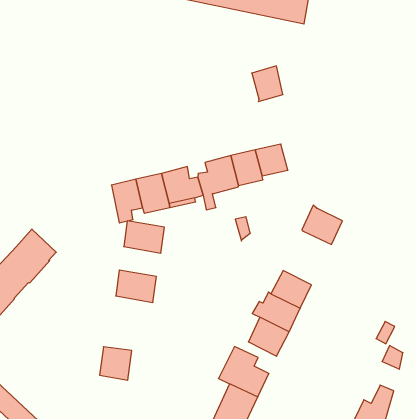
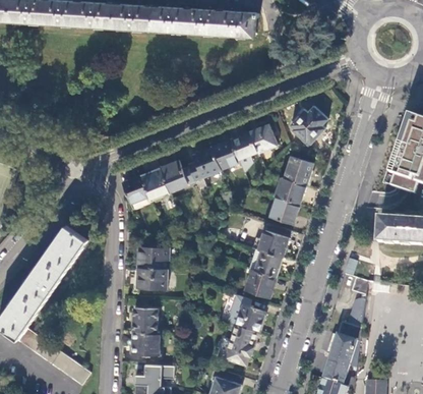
building: [252,66,283,102] -> [249,124,276,154]
building: none -> [290,106,326,144]
building: none -> [284,156,312,185]
building: [124,221,164,253] -> [137,268,167,289]
building: none -> [269,198,299,224]
building: none -> [132,331,159,355]

